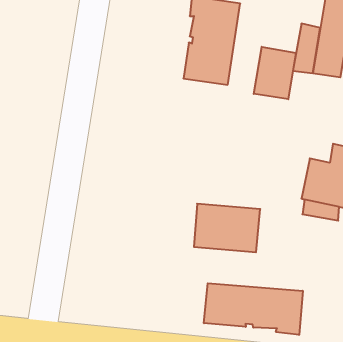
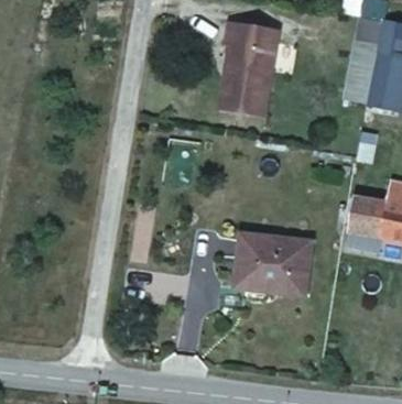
building: [254,47,296,99] -> none
building: [204,283,303,335] -> none

